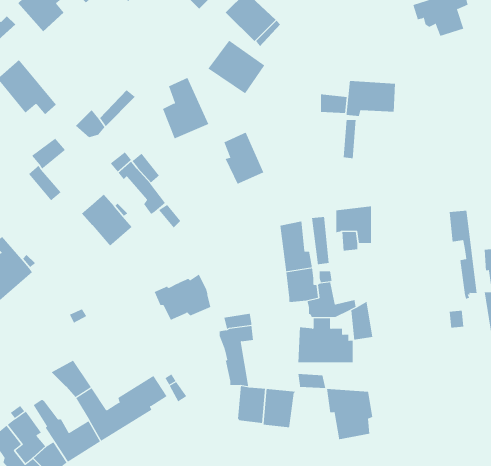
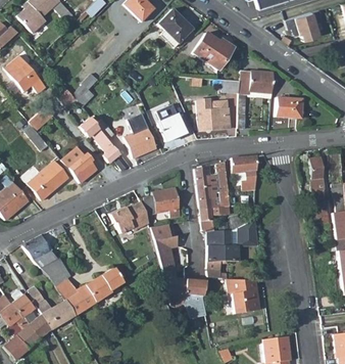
building: [208,40,265,94] -> [193,34,232,71]
building: [162,77,209,139] -> [125,117,156,158]
building: none -> [276,97,302,119]
building: none -> [198,100,230,130]
building: none -> [29,161,68,200]
building: none -> [144,187,181,218]
building: none -> [22,235,56,268]

